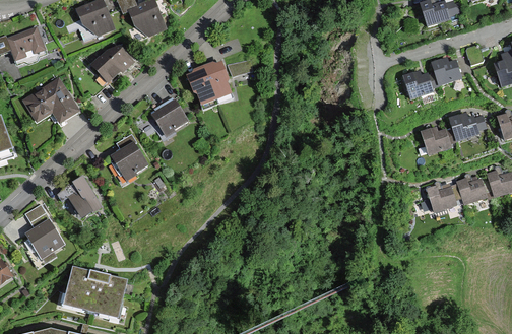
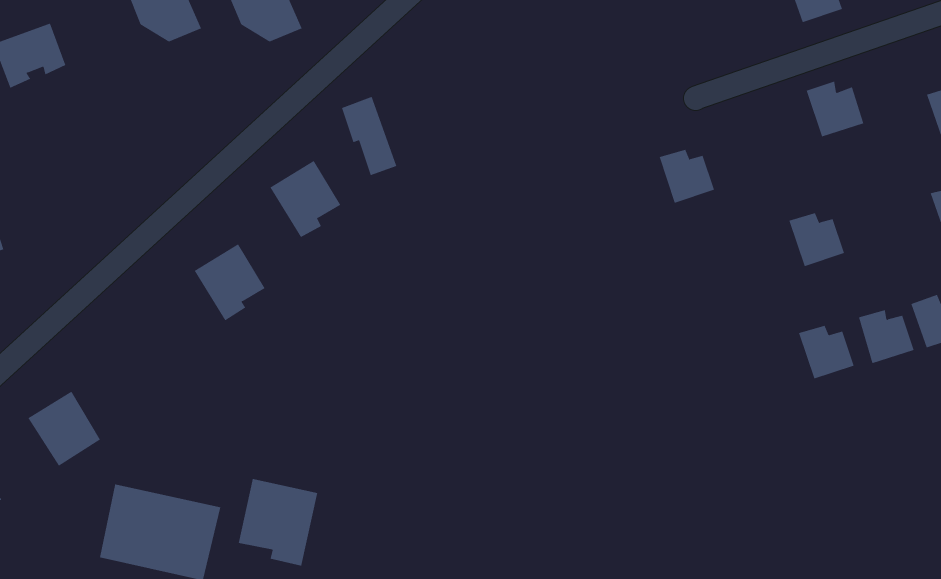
building: [90,46,134,84] -> none
building: [204,59,232,101] -> none
building: [403,70,433,98] -> [659,149,715,203]
building: [23,77,78,123] -> none
building: [449,113,478,141] -> none
building: [63,178,101,217] -> none
building: none -> [238,478,318,567]

